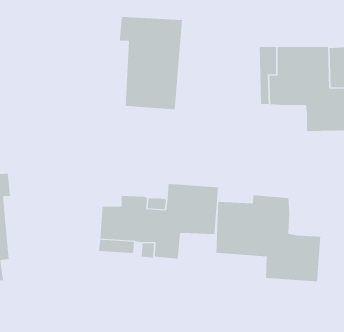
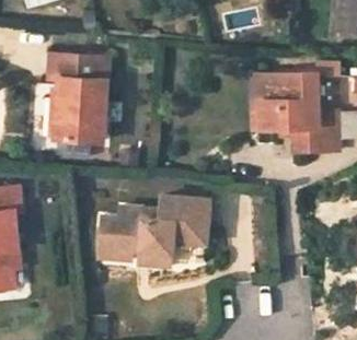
building: [119,16,183,110] -> [49,55,108,141]
building: [216,195,321,282] -> none

